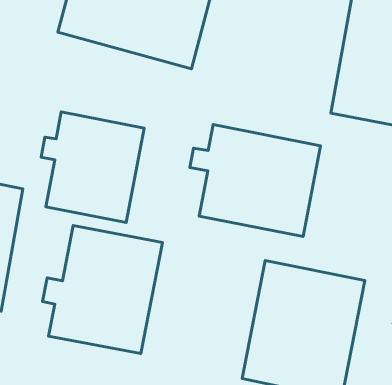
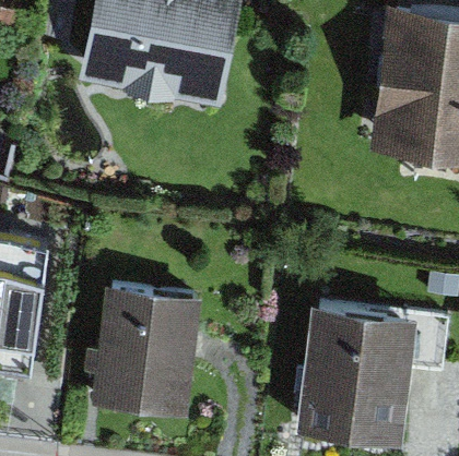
building: [41,112,144,222] -> none
building: [190,125,320,236] -> none

